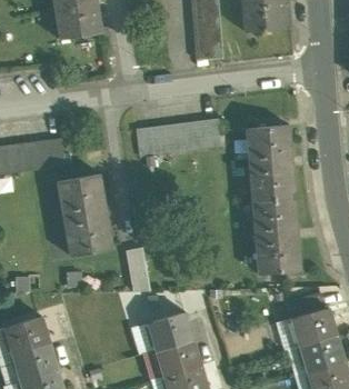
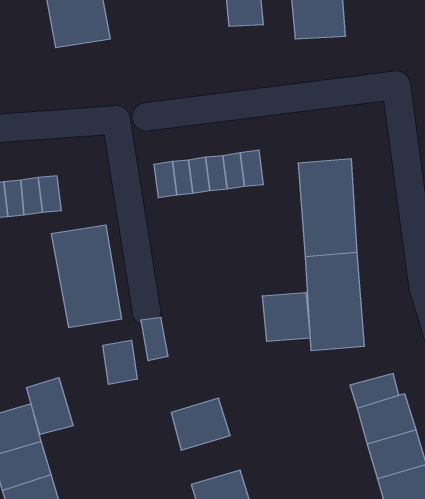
building: [193,22,223,61] -> none
building: none -> [263,292,310,341]
building: none -> [103,340,137,384]
building: none -> [27,378,73,434]
building: [157,339,202,377] -> none

